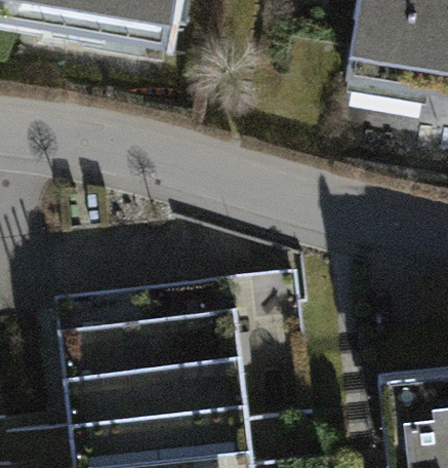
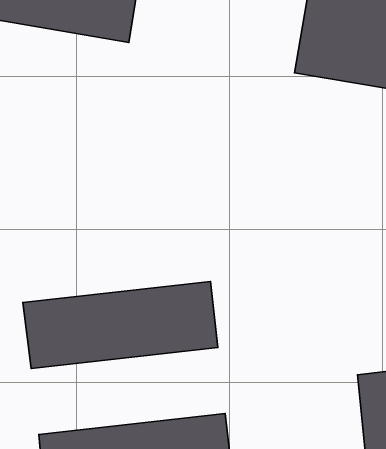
building: [71,352,260,437] -> none

